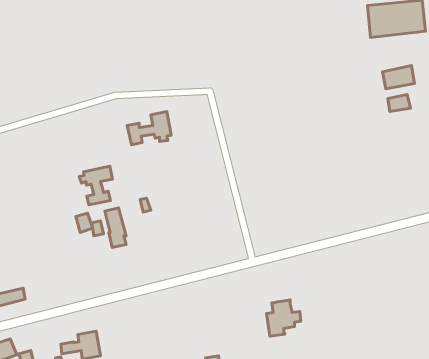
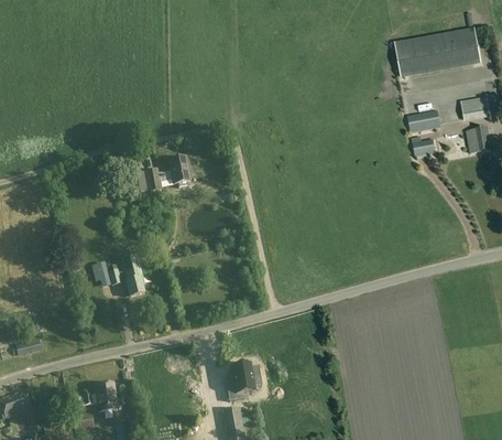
building: [79,166,113,205] -> none
building: [267,300,301,336] -> [226,362,261,399]

